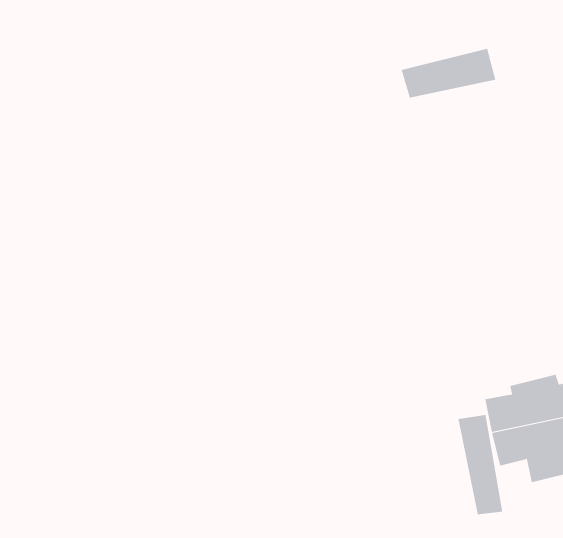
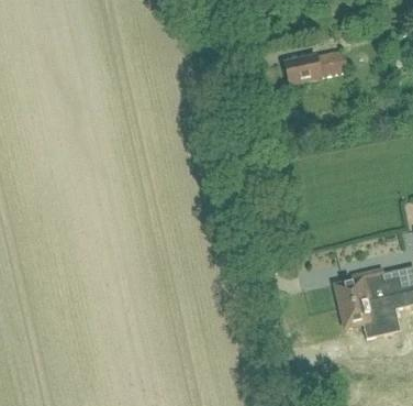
building: [458,414,503,515] -> none

